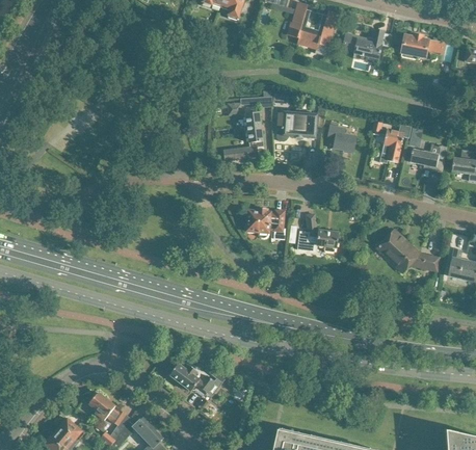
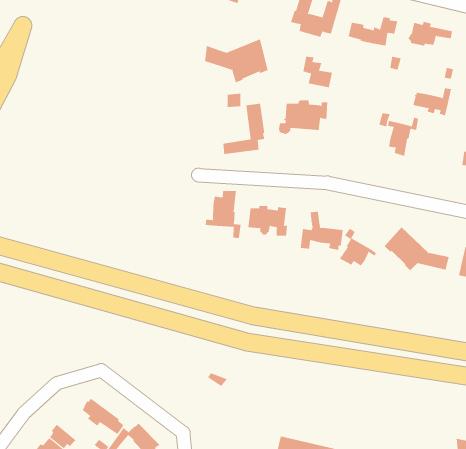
building: none -> [205,39,268,83]
building: [327,122,356,152] -> [302,56,333,88]
building: [409,145,447,173] -> [413,88,452,116]
building: none -> [205,190,241,239]
building: none -> [339,228,377,266]
building: [168,364,215,392] -> none

